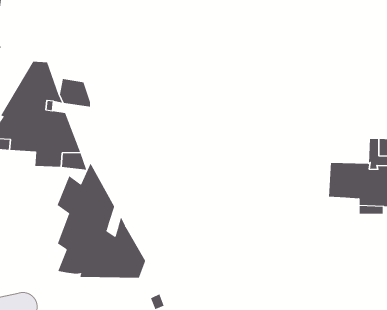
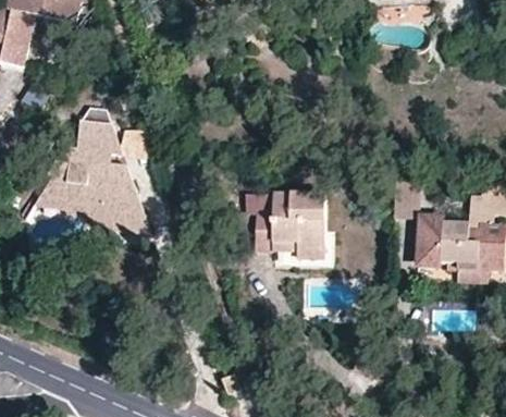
building: none -> [246,192,325,257]
building: [57,163,146,278] -> none

